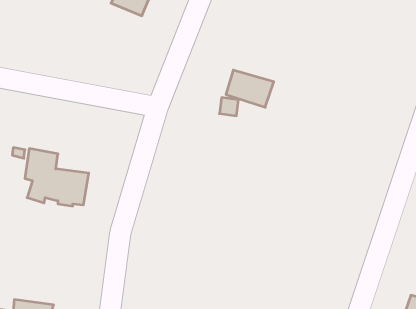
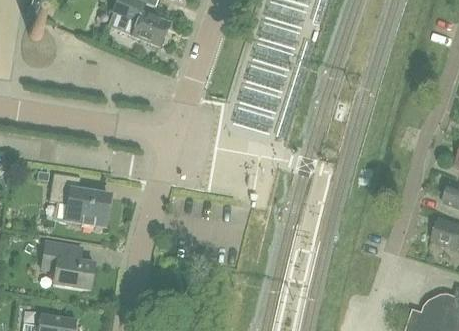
building: none -> [40,241,93,289]

